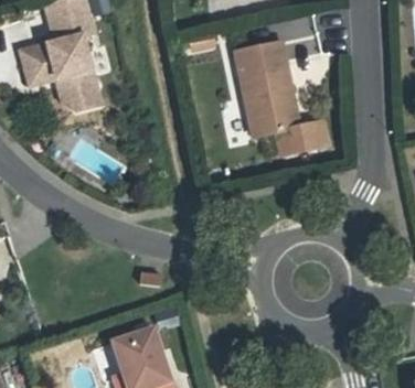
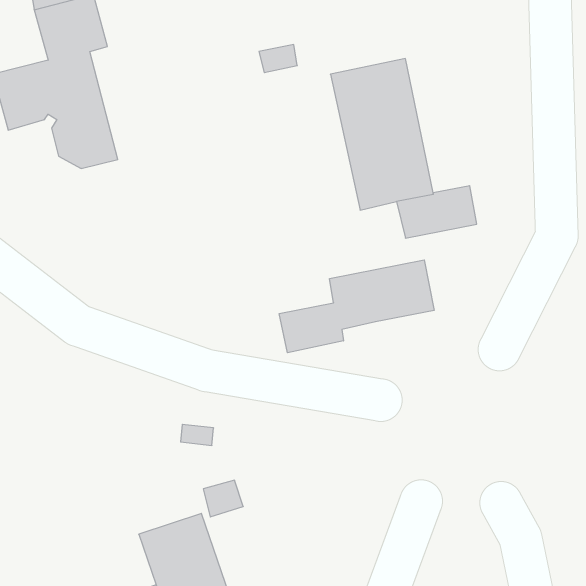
building: none -> [279,260,434,353]

